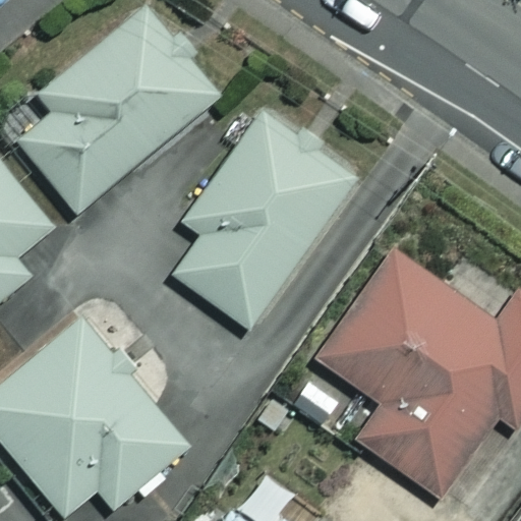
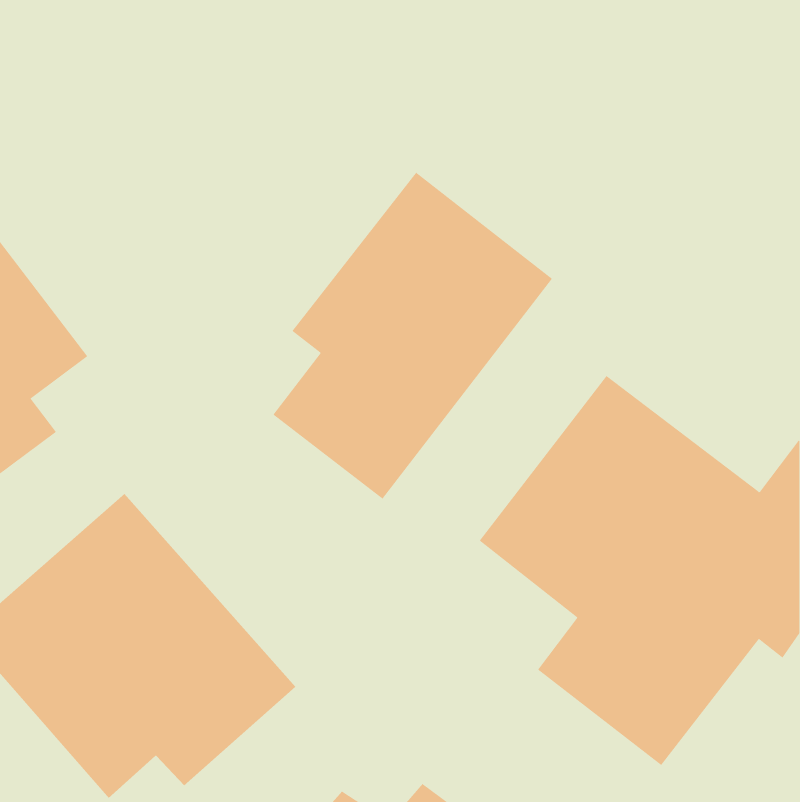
building: [18,9,221,212] -> none

